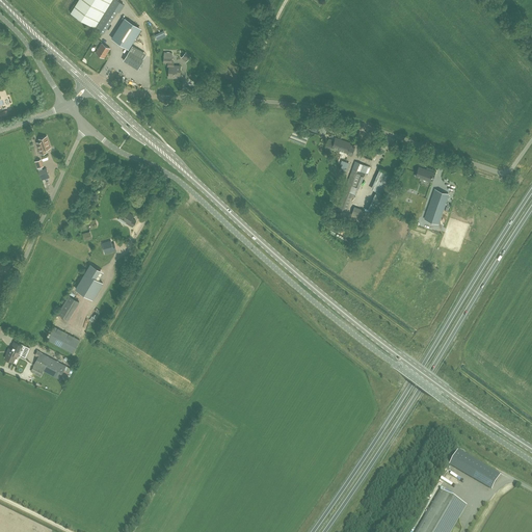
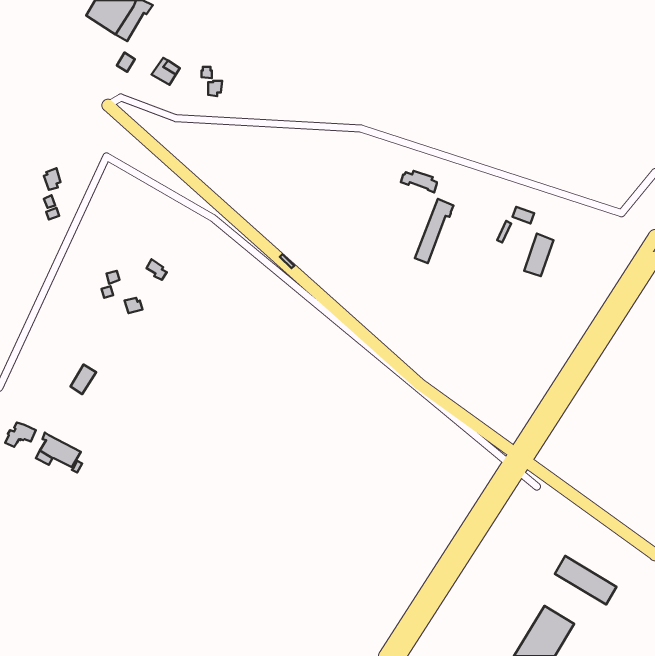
building: [111,18,139,49] -> none
building: [75,264,102,299] -> none
building: [46,326,79,353] -> none

